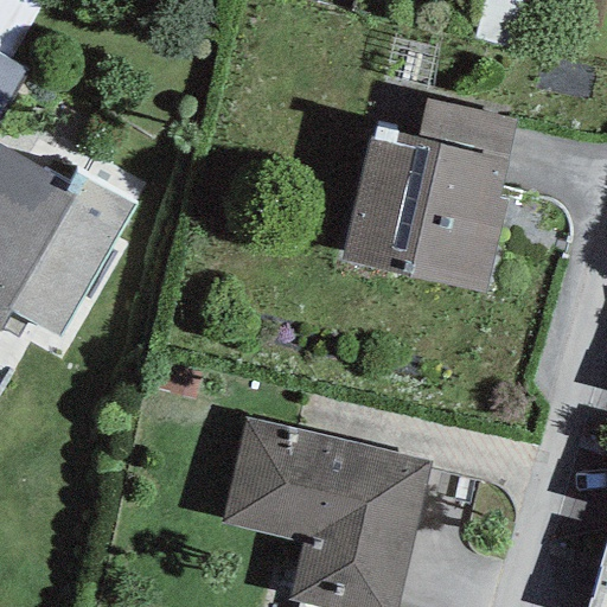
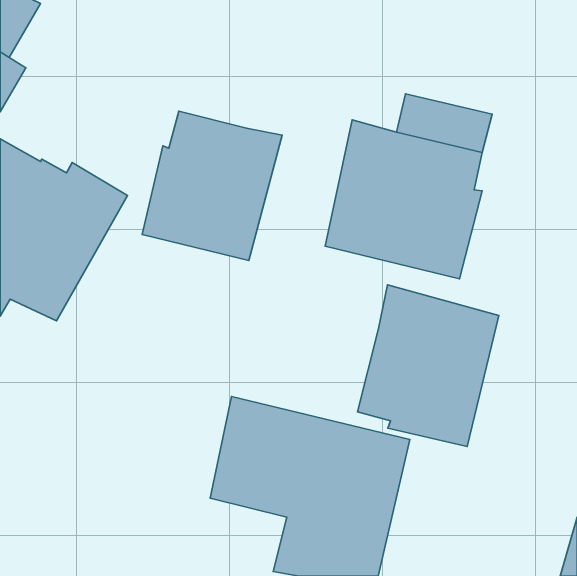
building: none -> [142,111,282,260]
building: none -> [358,285,499,446]

